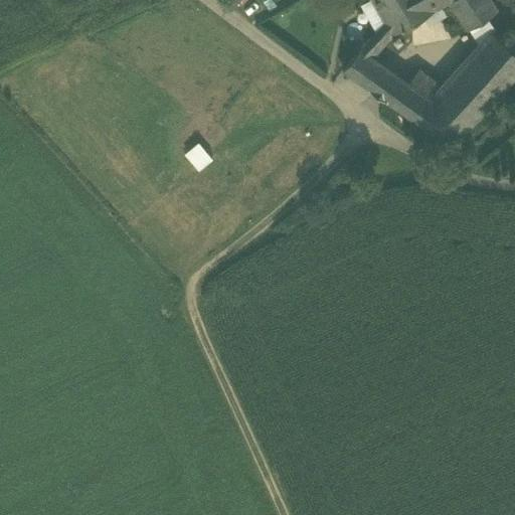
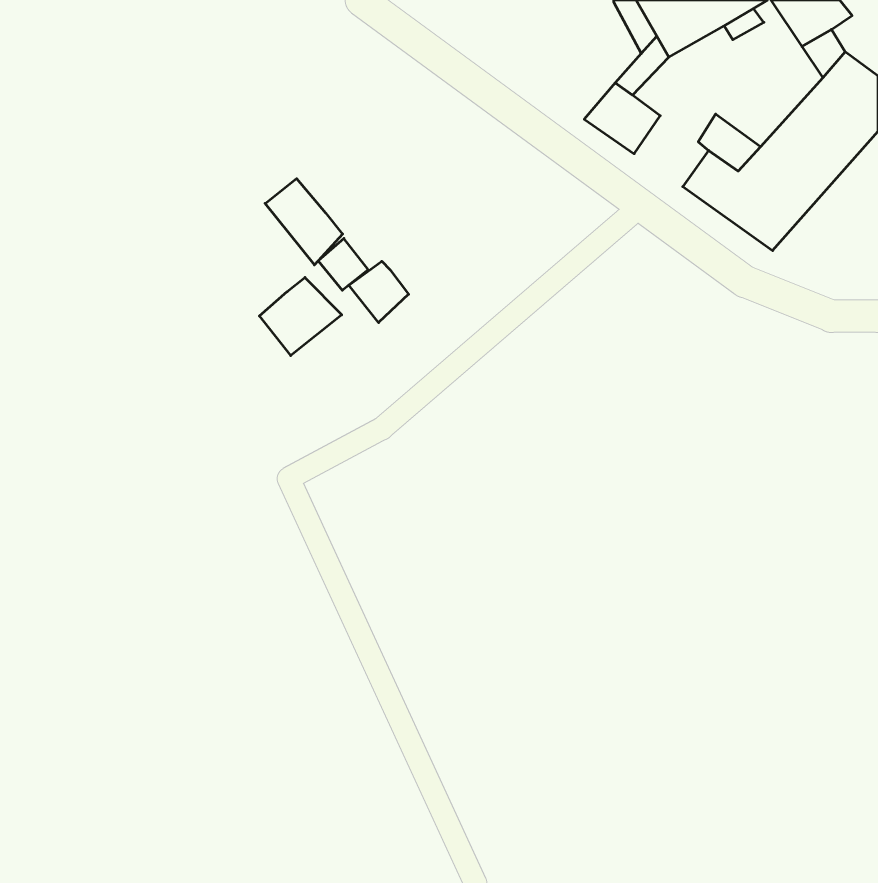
building: [369,67,412,109] -> none
building: none -> [265,179,343,265]
building: none -> [349,261,409,323]
building: none -> [259,277,342,356]

